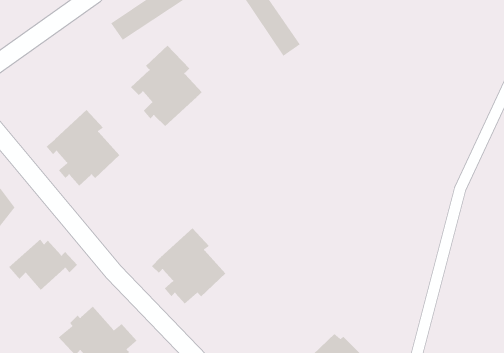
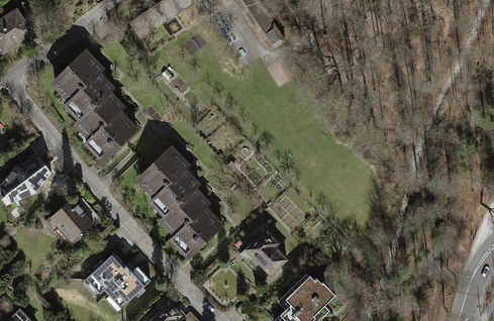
building: [130,45,202,127] -> [54,50,112,117]
building: none -> [139,146,198,213]
building: none -> [239,229,286,279]

